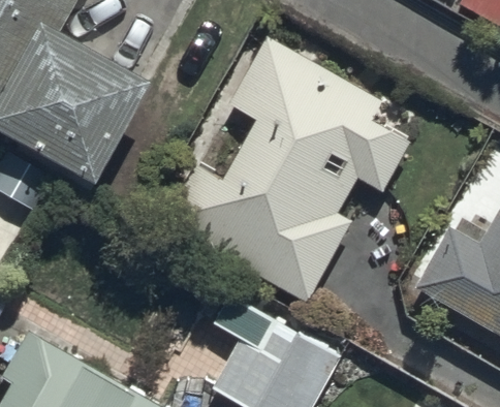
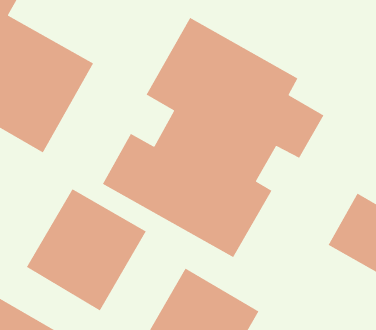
building: none -> [26,188,147,311]

